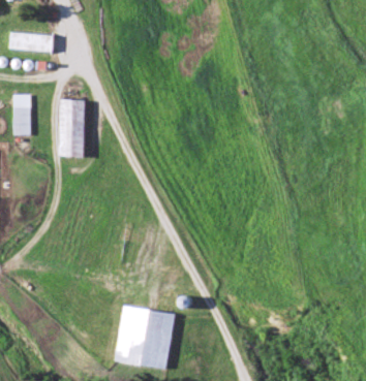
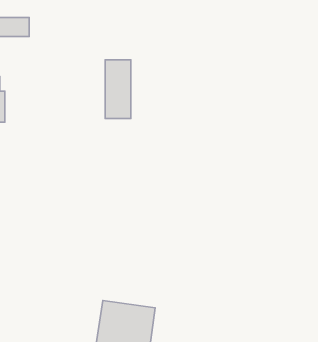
building: [60,99,85,156] -> [105,60,131,118]

